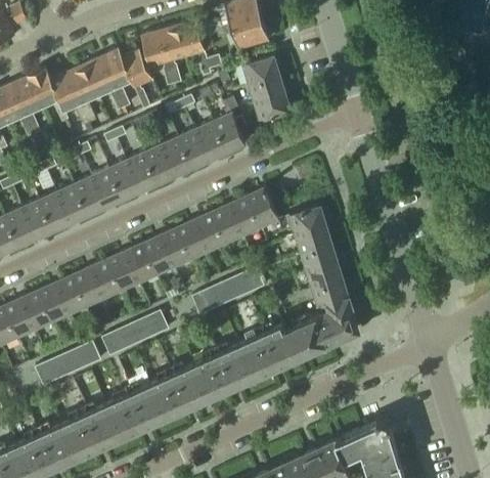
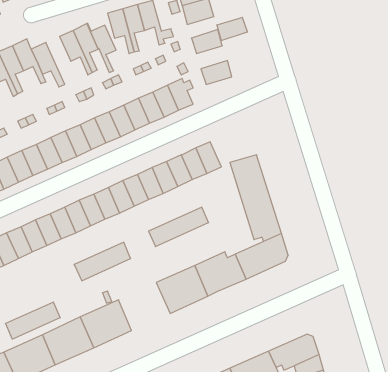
building: [68,63,97,121] -> none
building: [248,75,284,102] -> [217,17,248,41]
building: [35,341,100,385] -> [5,302,60,339]
building: [154,357,216,415] -> none

